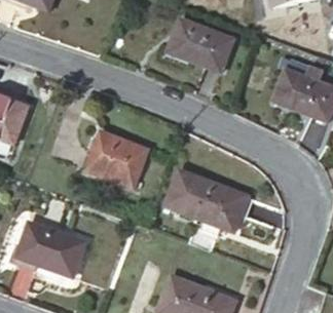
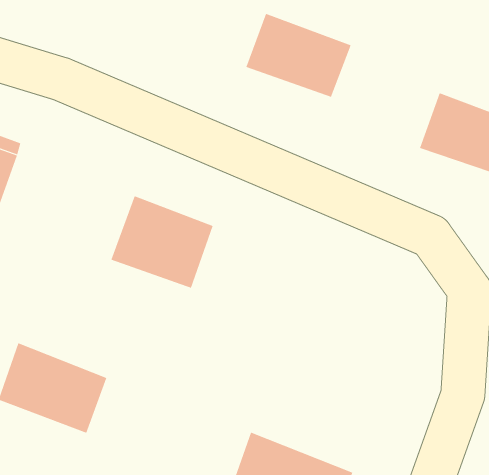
building: [165,169,249,232] -> none

